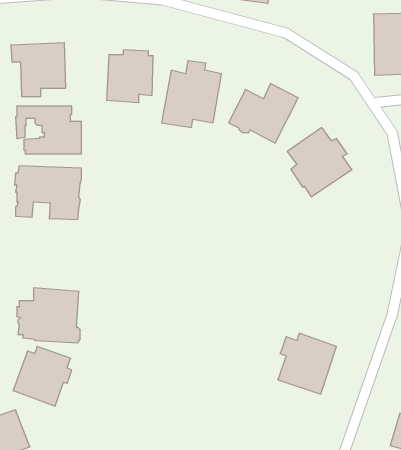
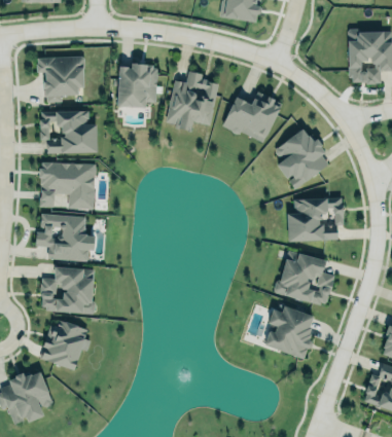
building: none -> [286,193,344,239]
building: none -> [36,212,96,260]
building: none -> [275,250,334,304]

